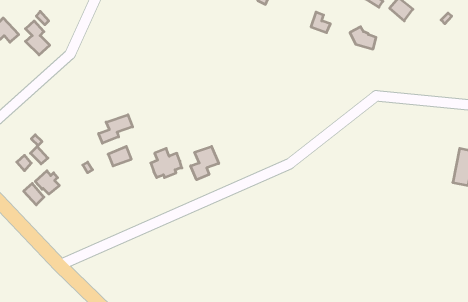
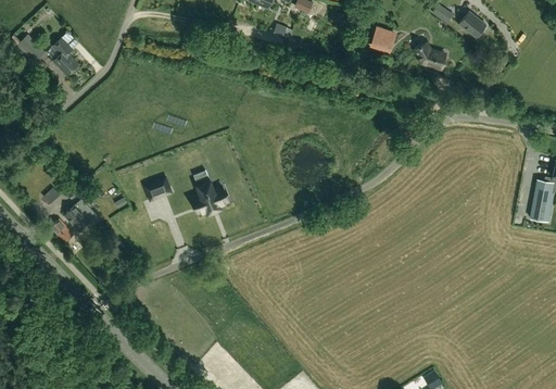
building: [99,115,133,143] -> none
building: [191,146,219,180] -> none

